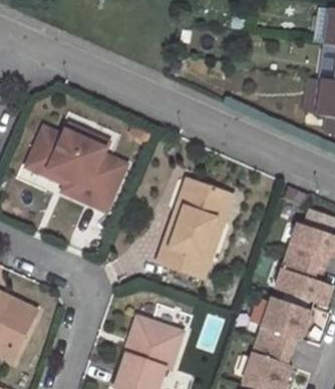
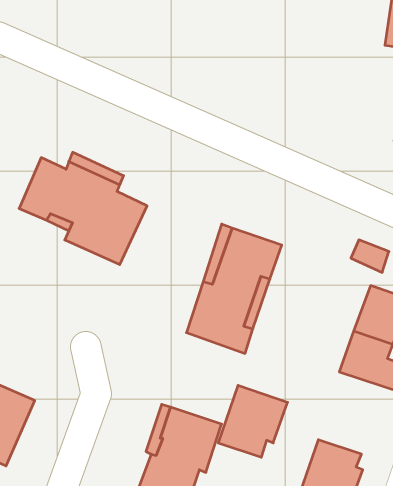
building: [259,299,312,354] -> [218,385,288,457]

